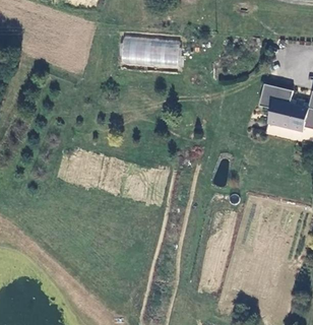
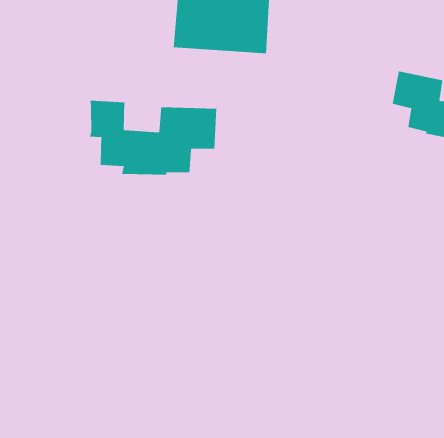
building: none -> [89,100,217,176]

